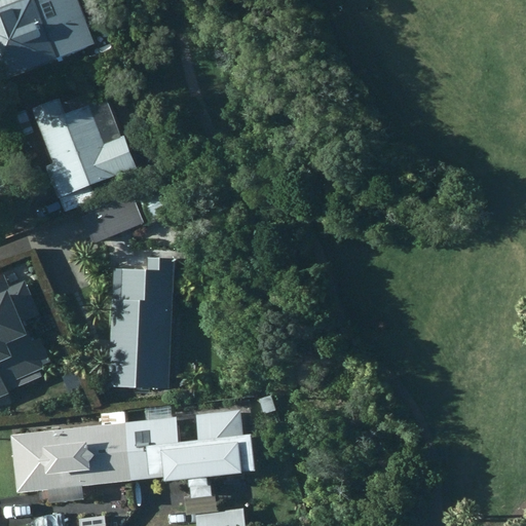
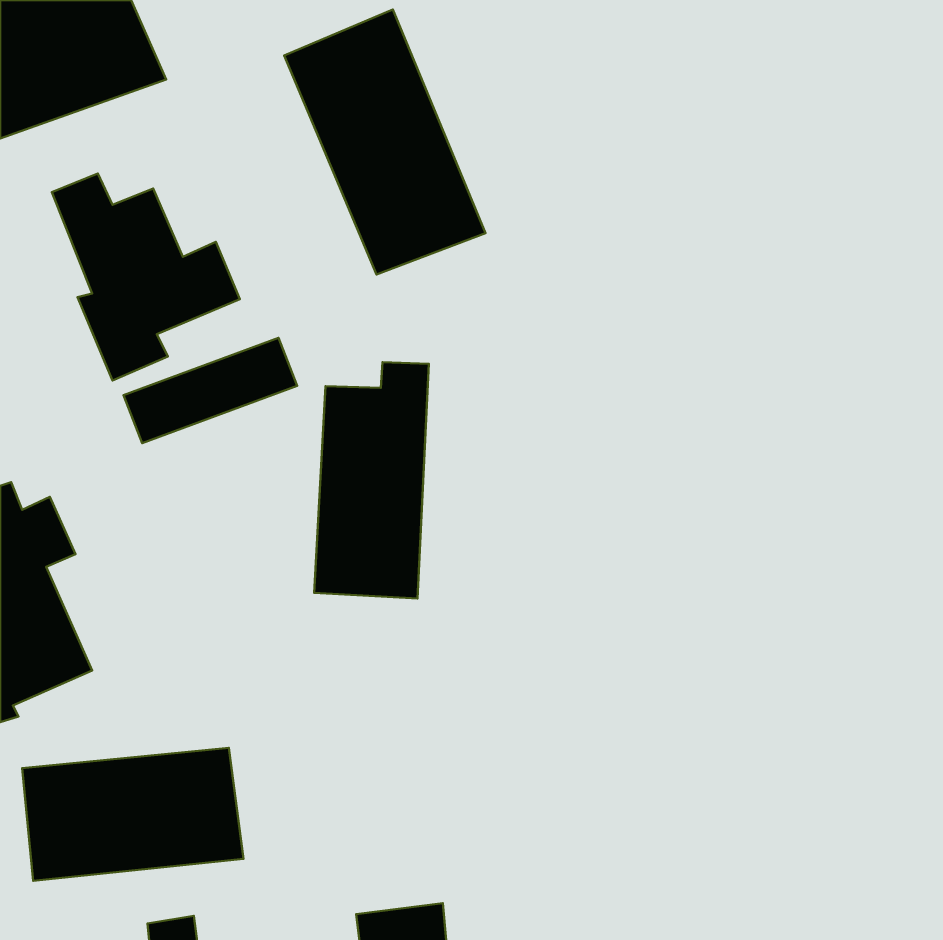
building: none -> [284,9,486,275]
building: [107,258,171,389] -> [314,362,429,598]
building: [127,408,261,480] -> none

